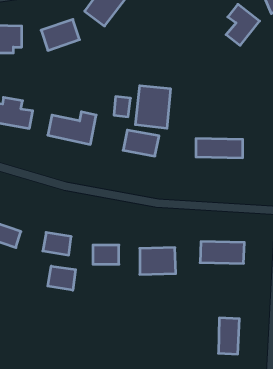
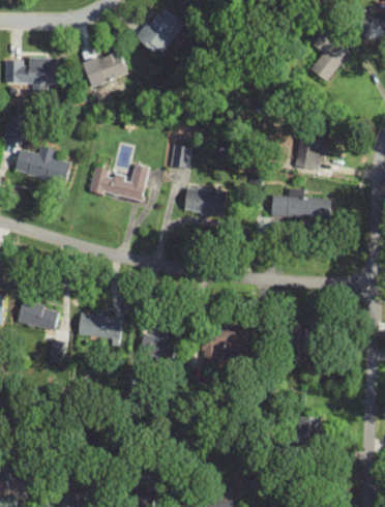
building: [135,86,170,128] -> none
building: none -> [302,131,326,167]
building: [48,266,76,290] -> none

